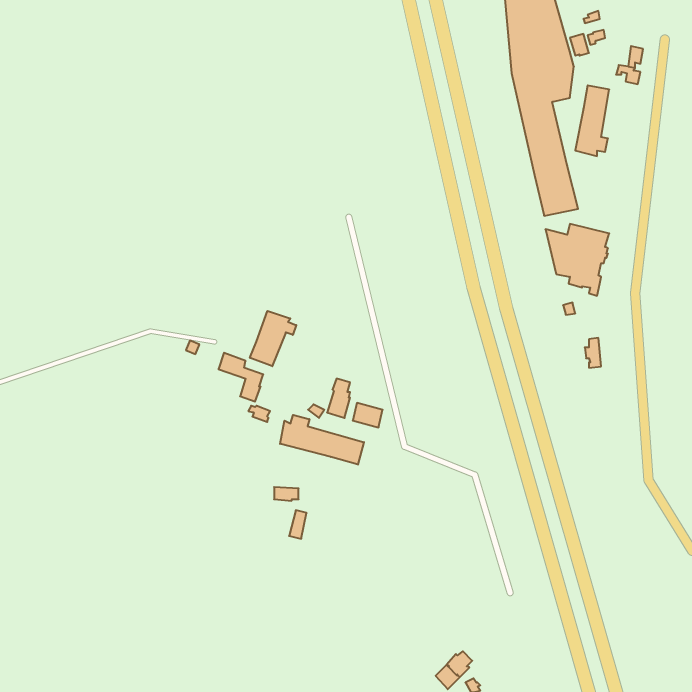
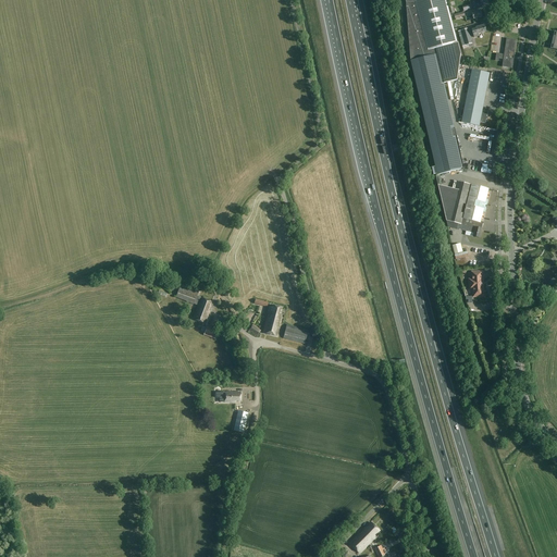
building: [250,311,296,366] -> none
building: [280,415,364,465] -> none

